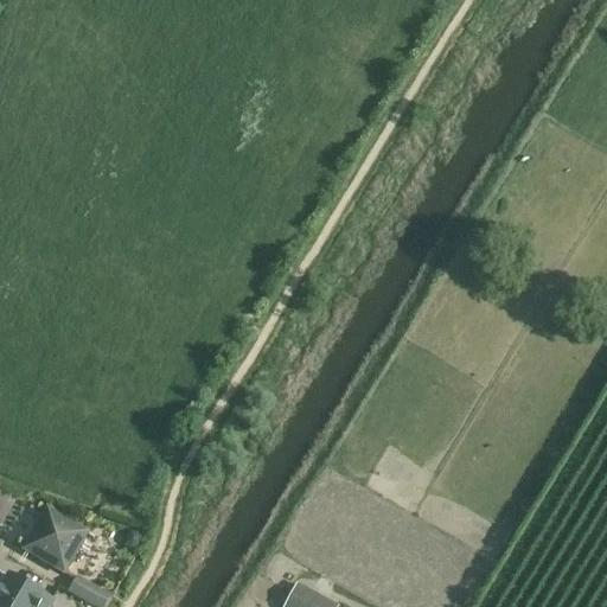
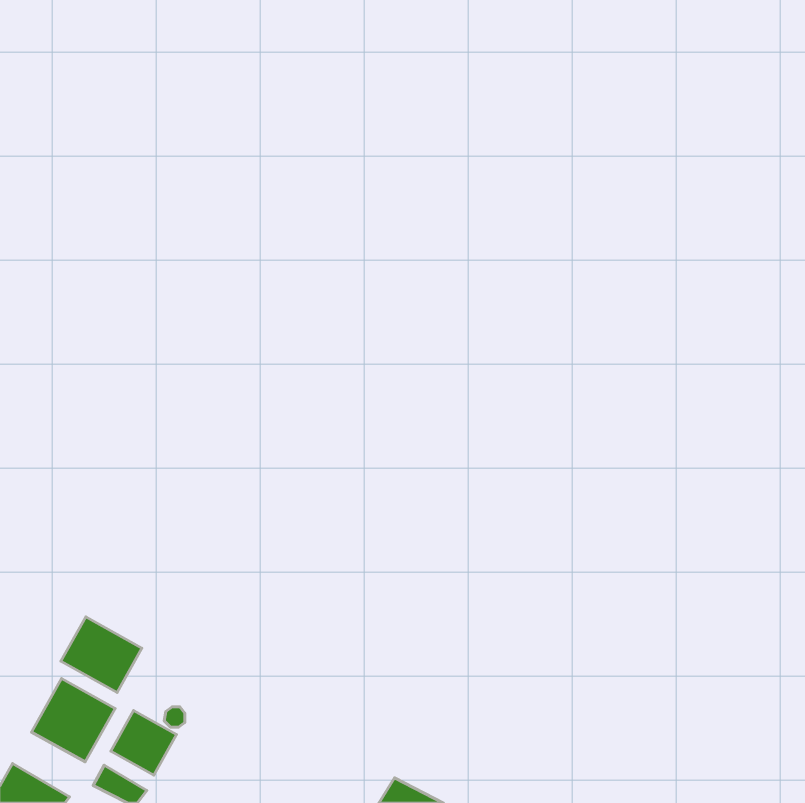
building: none -> [61,617,142,693]
building: none -> [111,711,177,775]

